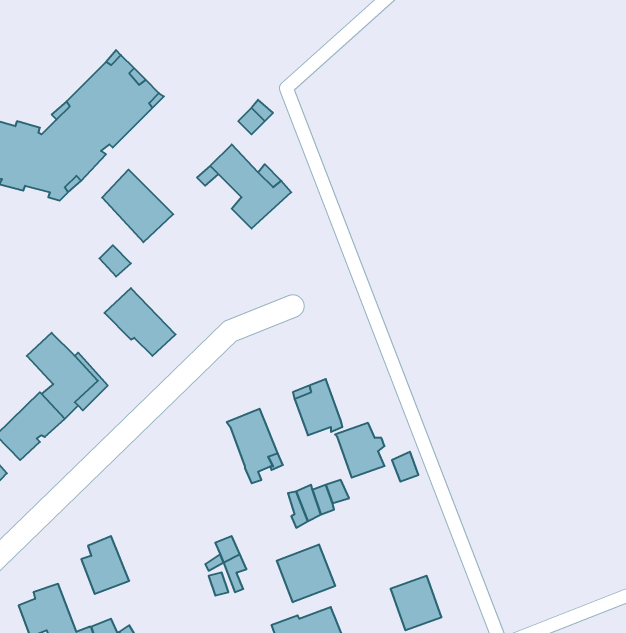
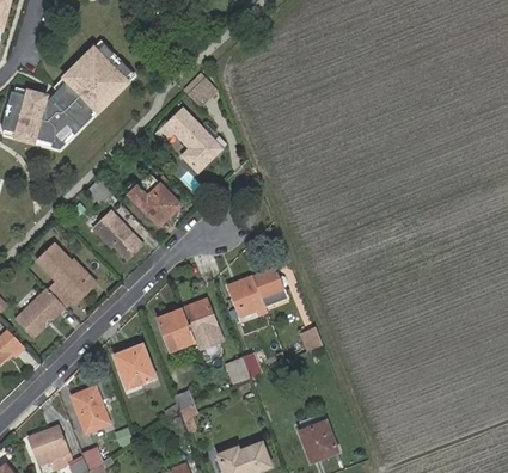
building: [102,170,173,242] -> [129,172,180,225]
building: [335,423,385,478] -> [251,268,287,307]
building: none -> [155,312,194,350]
building: none -> [111,344,147,385]
building: [277,544,335,602] -> none

